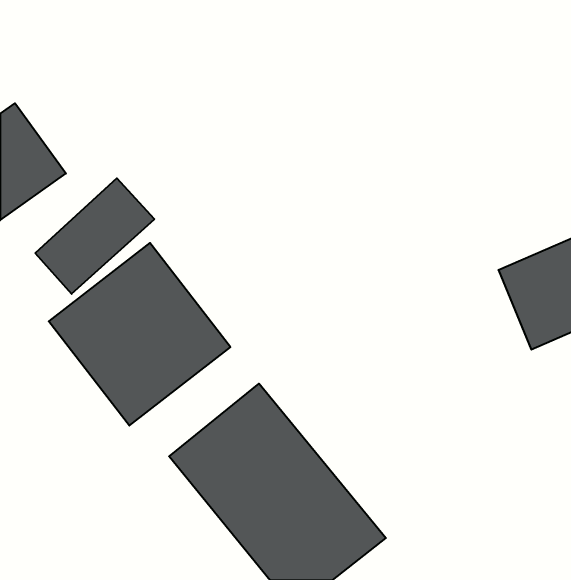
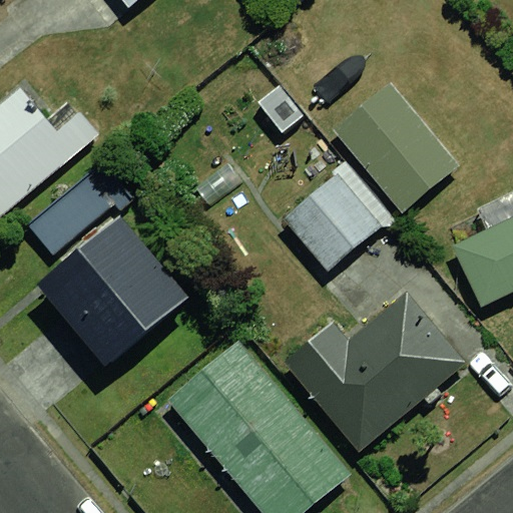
building: none -> [331,79,460,213]
building: none -> [275,168,380,273]
building: none -> [291,296,464,450]

